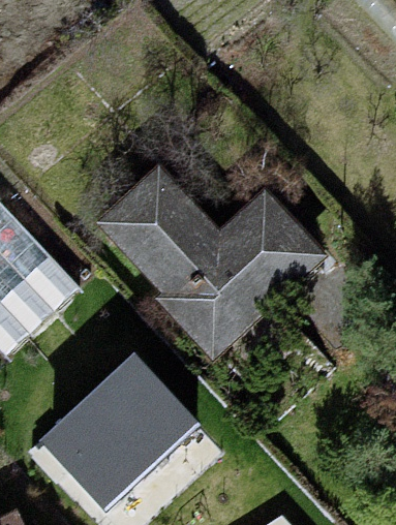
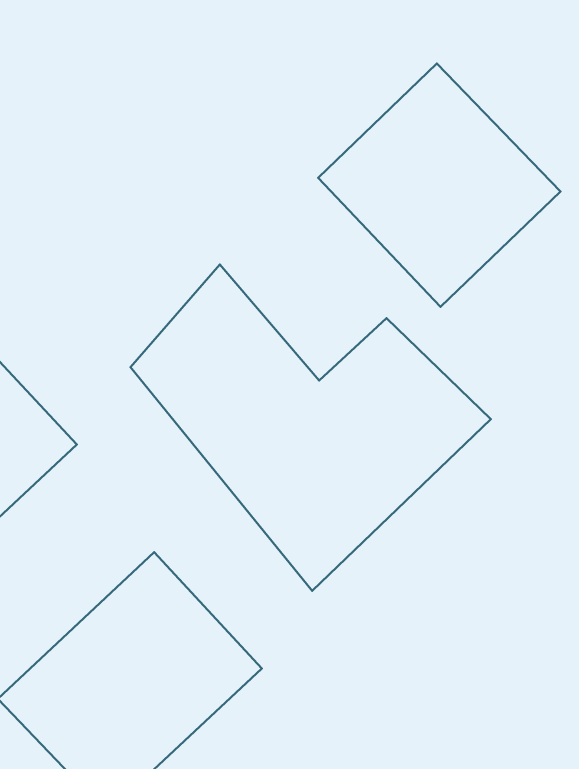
building: none -> [318,64,560,307]

